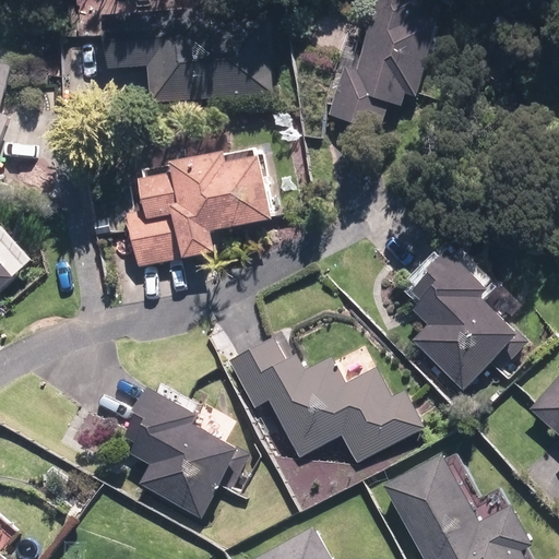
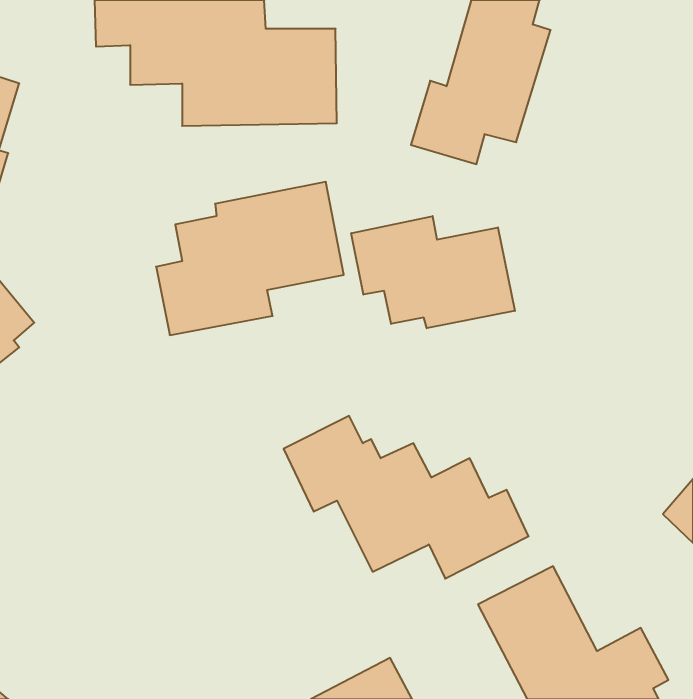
building: none -> [351,216,515,328]
building: [411,242,527,391] -> none
building: [124,388,236,516] -> none

